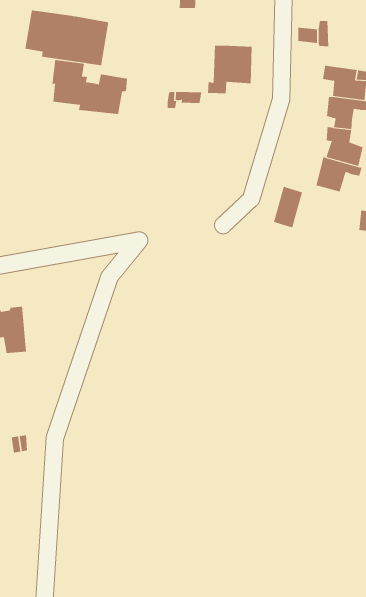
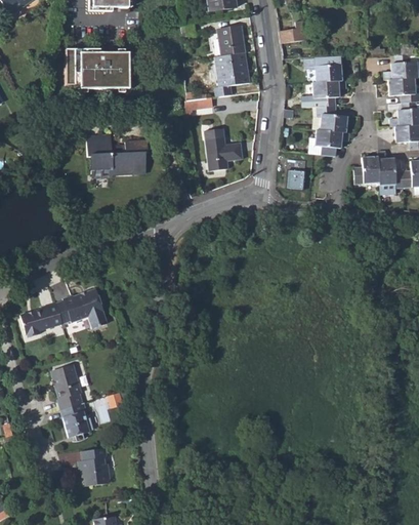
building: none -> [217,26,245,55]
building: [51,60,128,115] -> [86,134,148,172]
building: none -> [204,126,241,169]

